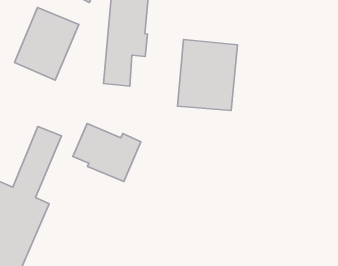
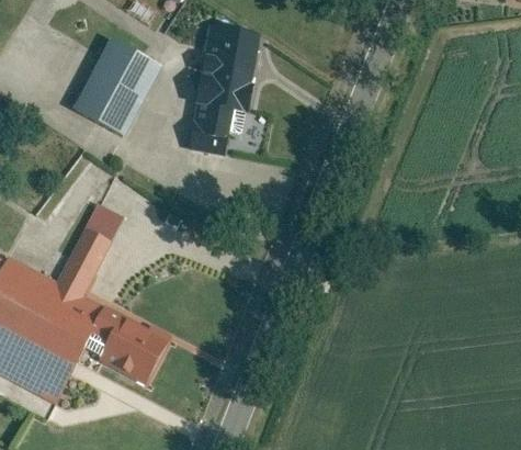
building: [178,39,237,111] -> none
building: [73,124,141,182] -> [80,304,173,386]

